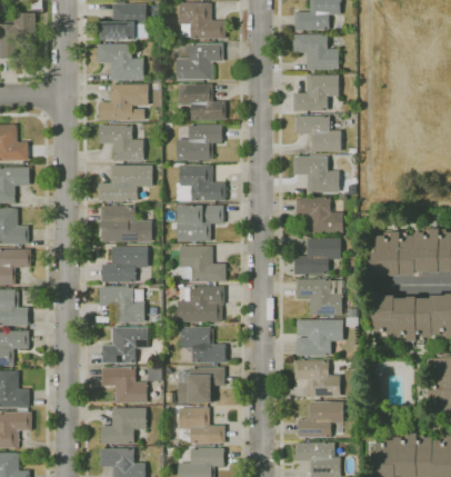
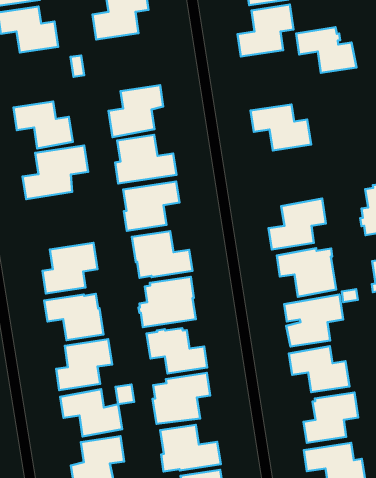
building: [178,83,226,120] -> none
building: [99,85,144,120] -> none
building: [295,116,341,151] -> [296,27,357,73]
building: [297,197,342,233] -> none
building: [100,206,151,241] -> none

